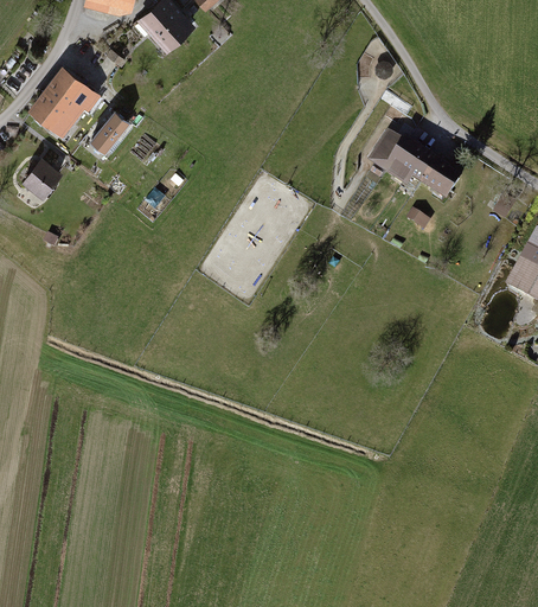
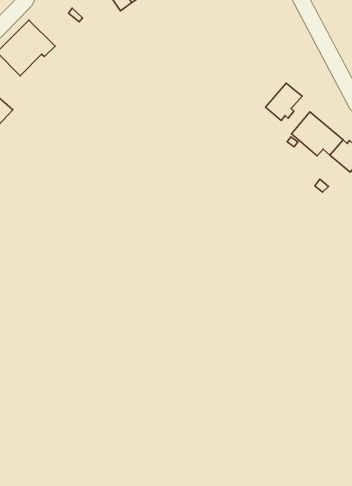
building: none -> [265,83,302,121]
building: [91,110,128,149] -> none

